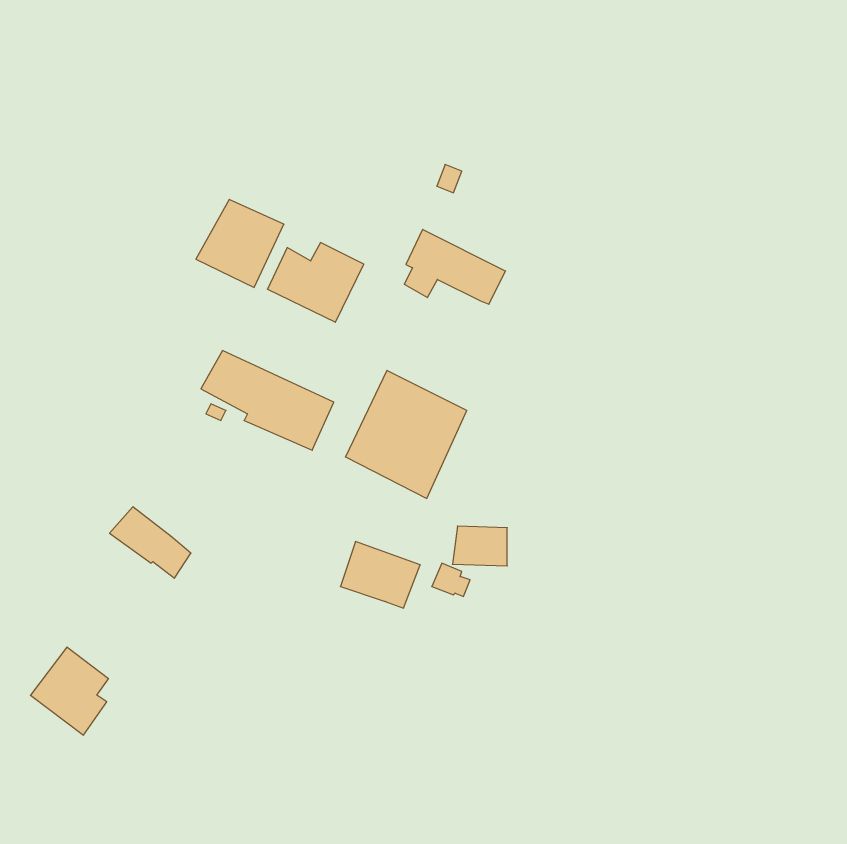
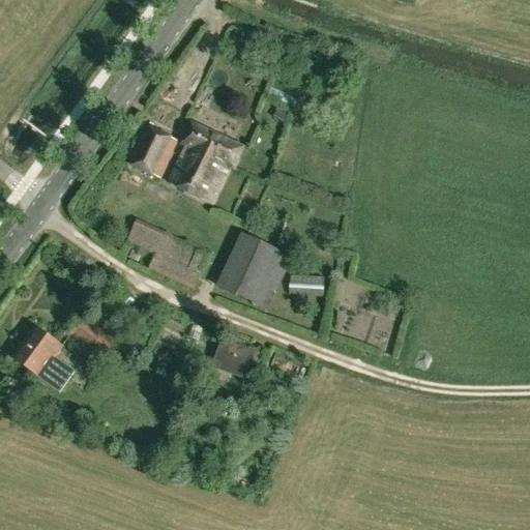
building: [404,229,506,304] -> [179,120,242,167]
building: [452,526,507,566] -> [288,274,322,299]
building: [30,647,108,735] -> [11,327,60,382]

